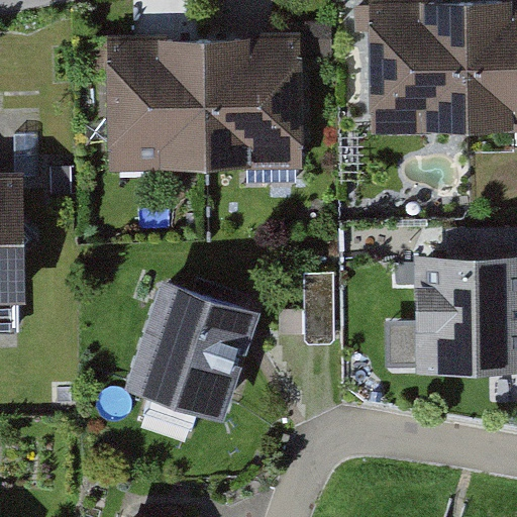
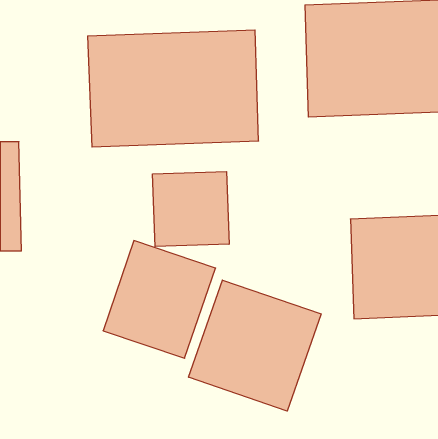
building: none -> [153,172,229,247]
building: none -> [189,280,321,411]

